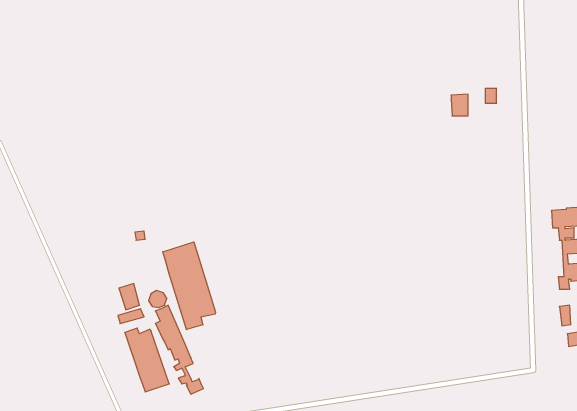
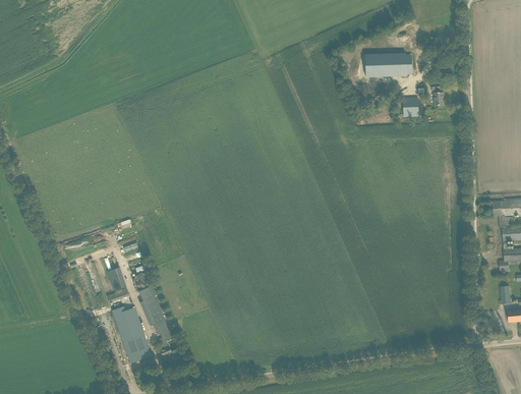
building: none -> [365,53,411,76]
building: [163,242,215,330] -> none

